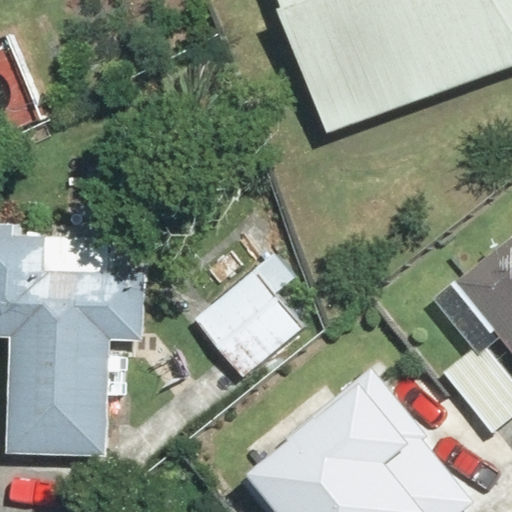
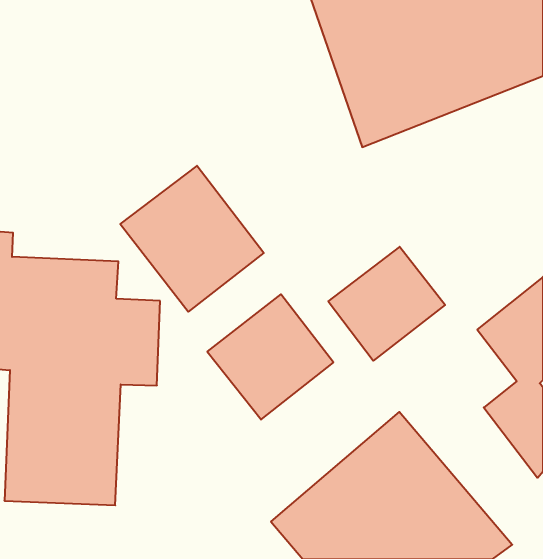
building: none -> [120,166,264,312]
building: none -> [328,247,445,361]

